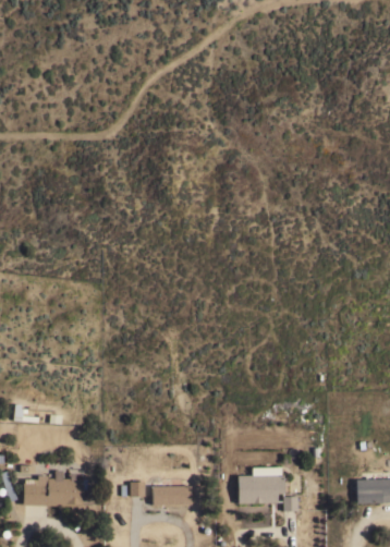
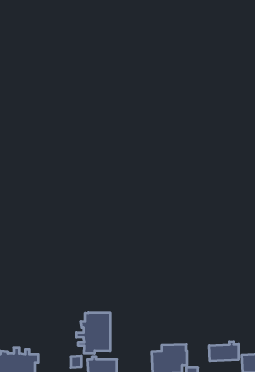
building: none -> [76,312,110,354]
building: none -> [209,342,239,361]

